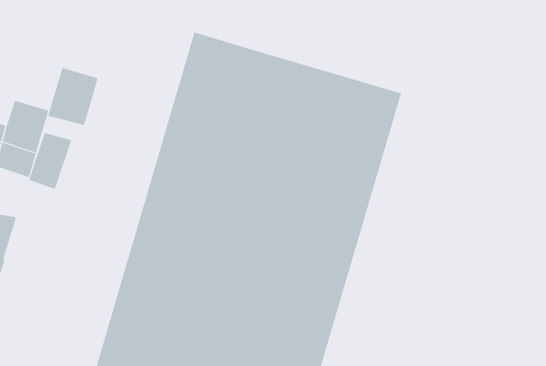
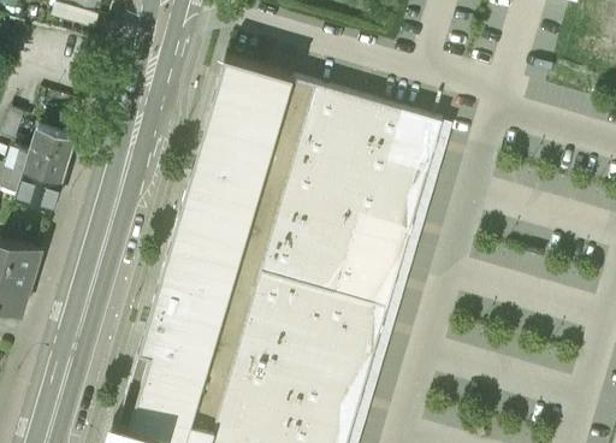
building: [47,67,98,126] -> none
building: [29,132,72,189] -> none

